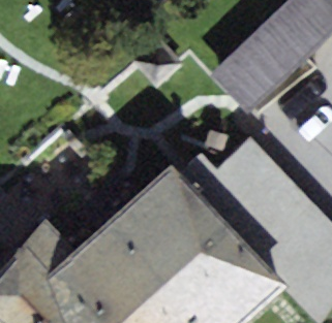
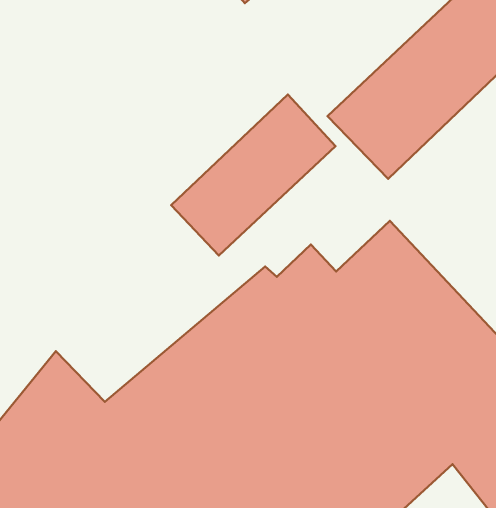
building: none -> [171,94,335,255]

